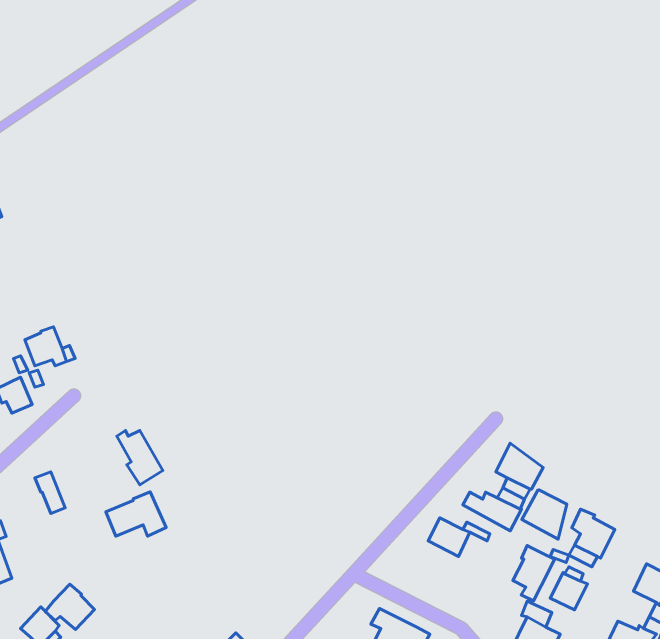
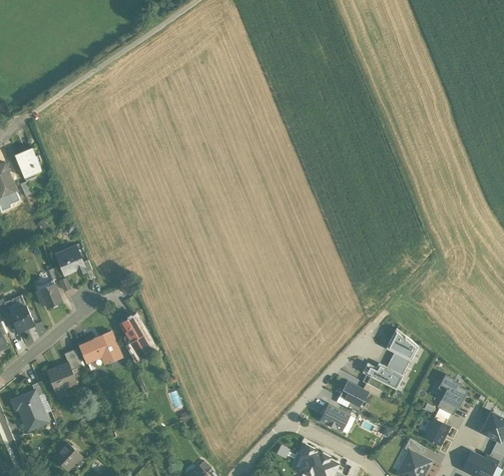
building: [522,490,567,539] -> none
building: [106,492,166,536] -> [79,332,121,363]
building: none -> [46,363,76,392]
building: [513,545,554,601] -> none
building: none -> [320,406,351,433]
building: [45,584,94,630] -> none

